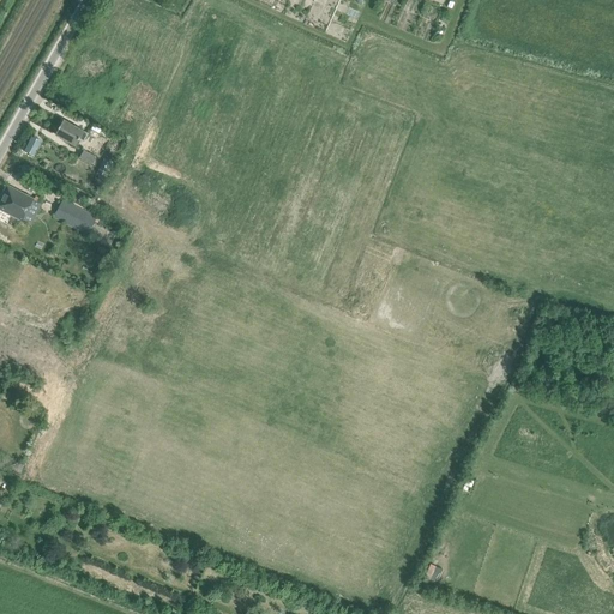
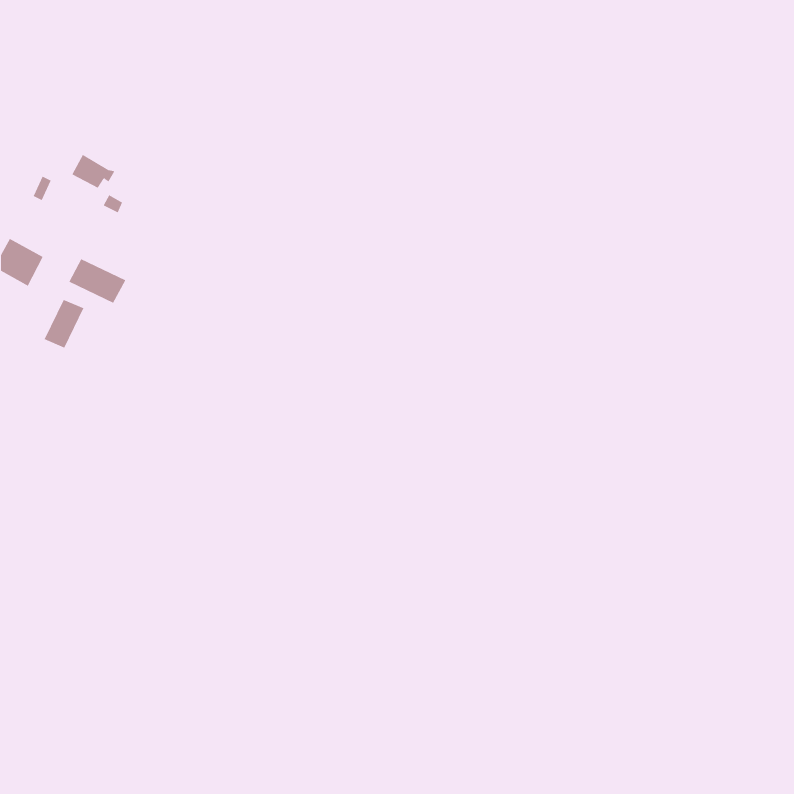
building: none -> [44,299,84,348]

